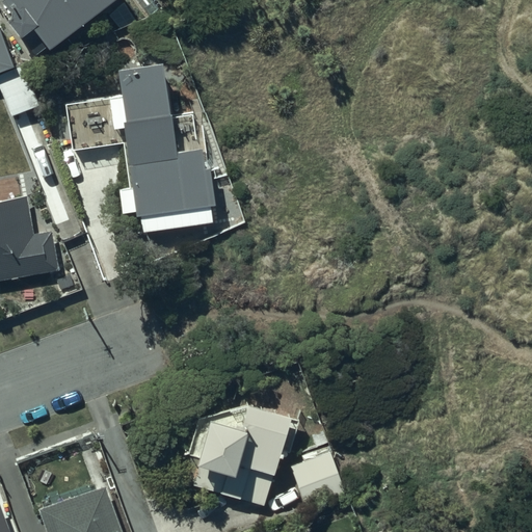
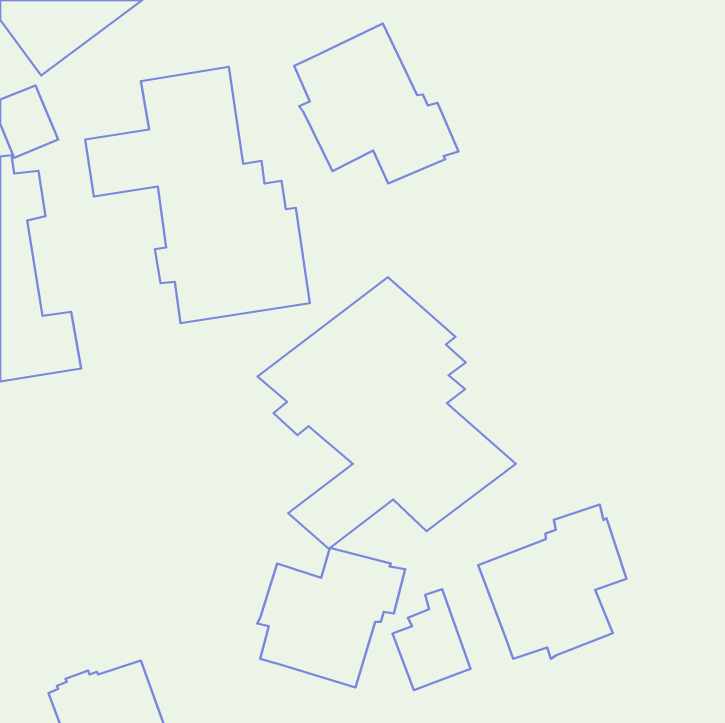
building: none -> [294,24,459,183]
building: none -> [258,277,516,549]
building: none -> [478,504,626,659]

